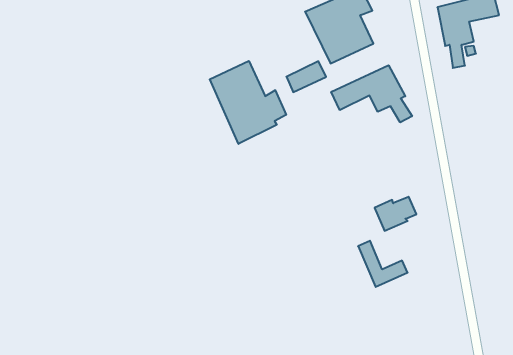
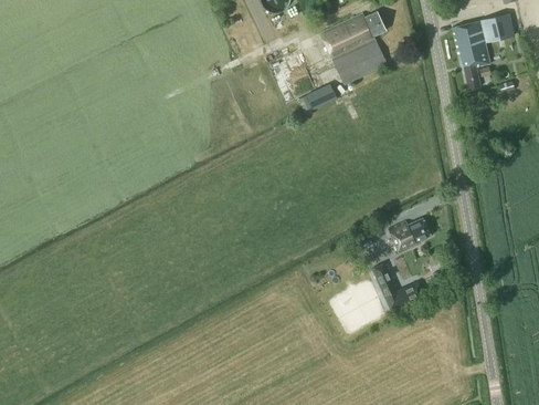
building: [210,61,286,144] -> none
building: [331,65,412,122] -> none

